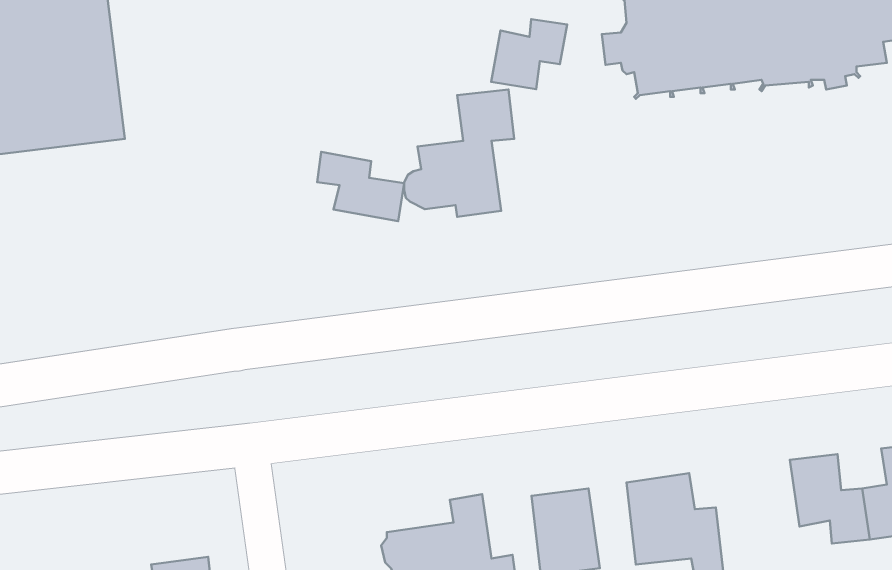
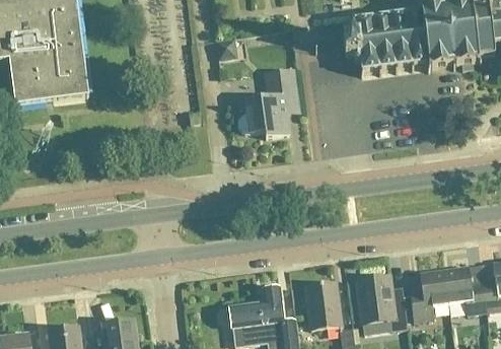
building: [491,19,567,89] -> none
building: [317,152,404,221] -> none
building: none -> [409,267,448,320]

